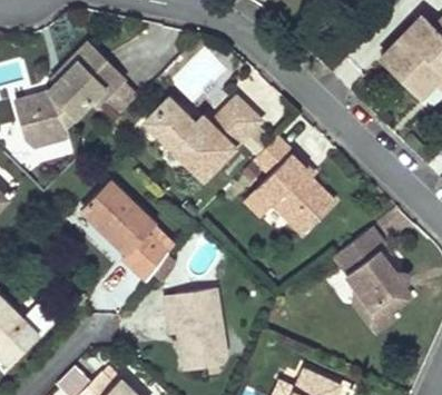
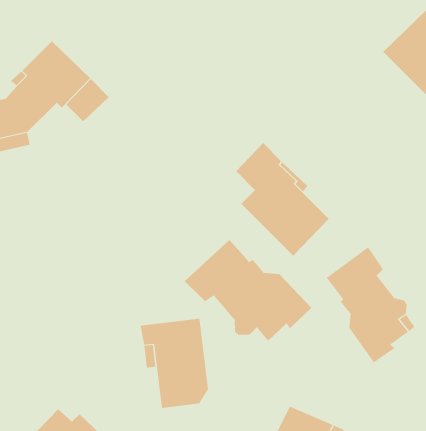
building: [146,97,258,177] -> none
building: [80,179,167,280] -> none
building: none -> [184,239,312,342]

